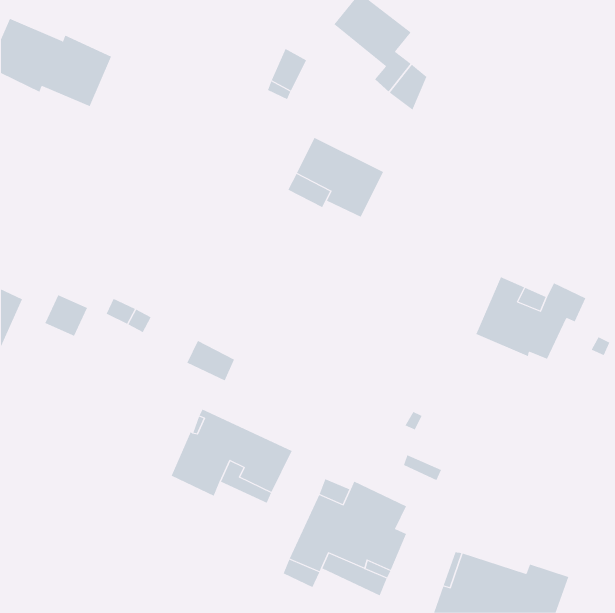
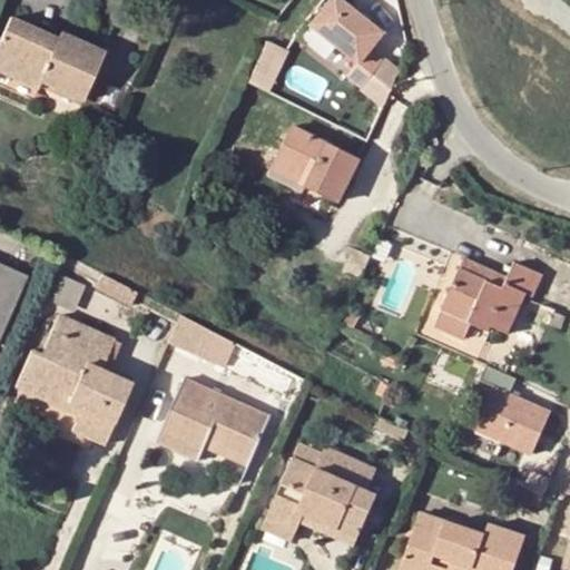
building: none -> [19,314,132,444]
building: none -> [475,365,551,454]

